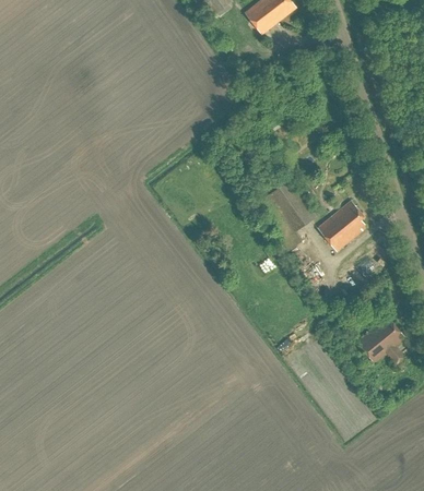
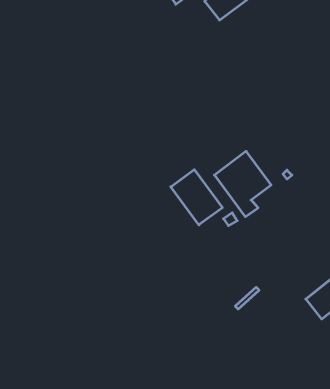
building: none -> [171,170,222,225]
building: [318,200,367,251] -> none

